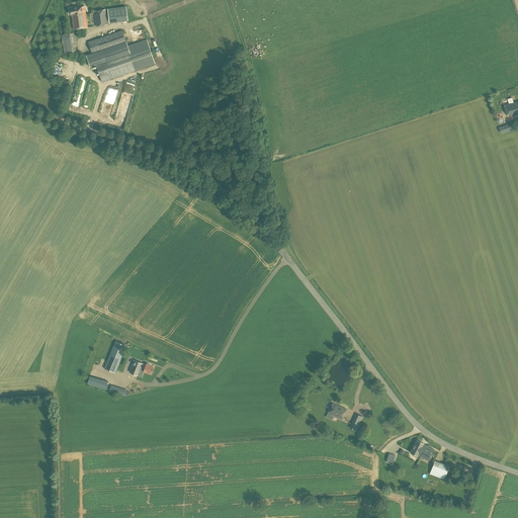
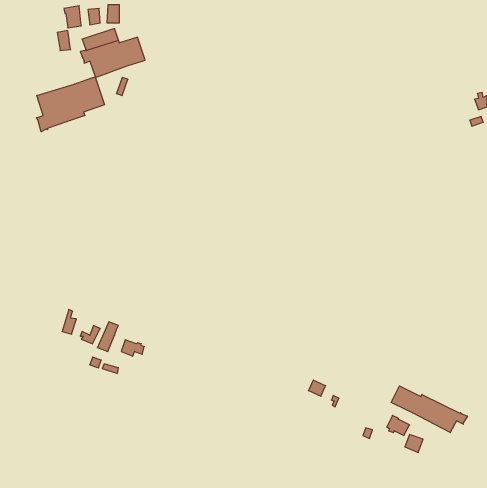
building: none -> [36,77,105,132]
building: none -> [391,386,467,433]

